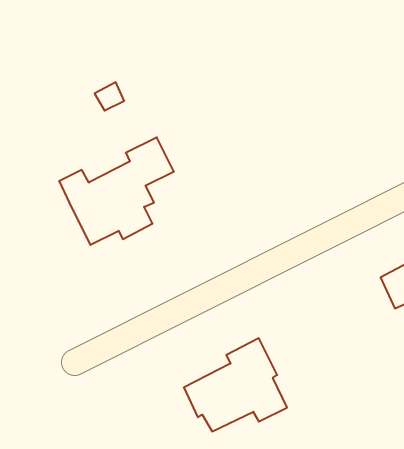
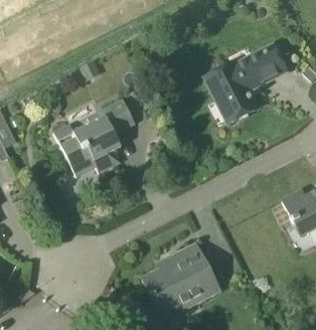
building: none -> [206,47,285,122]

